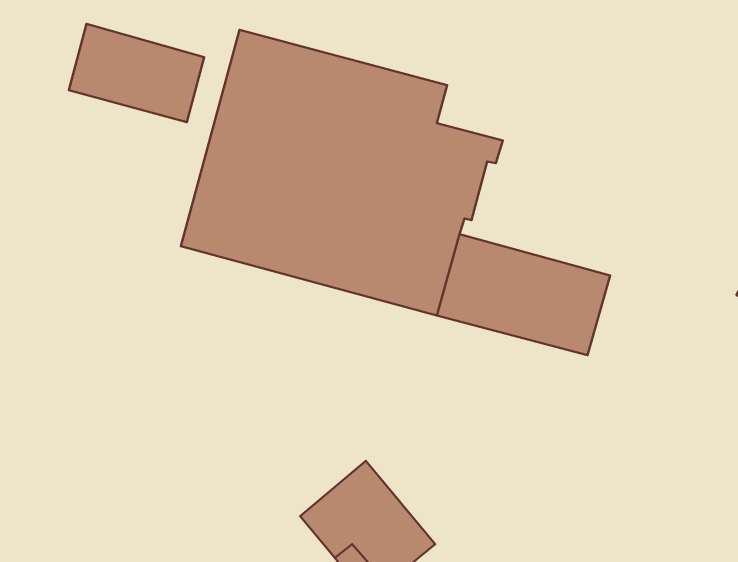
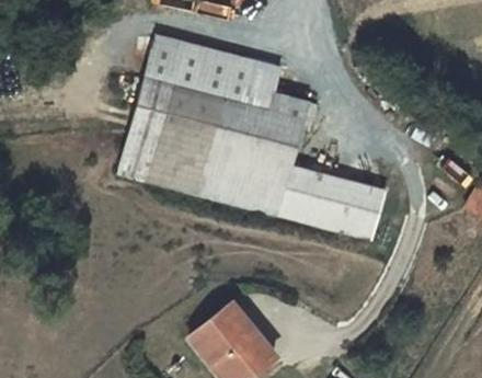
building: [69,24,204,122] -> none

